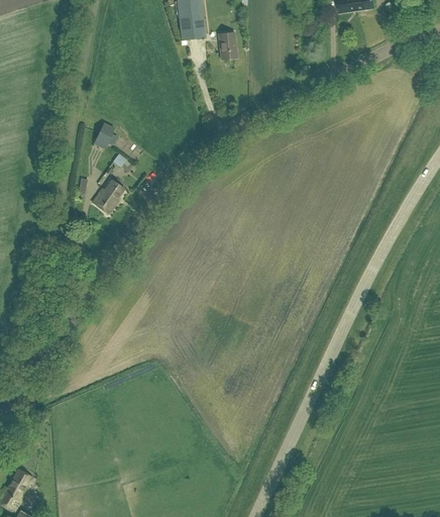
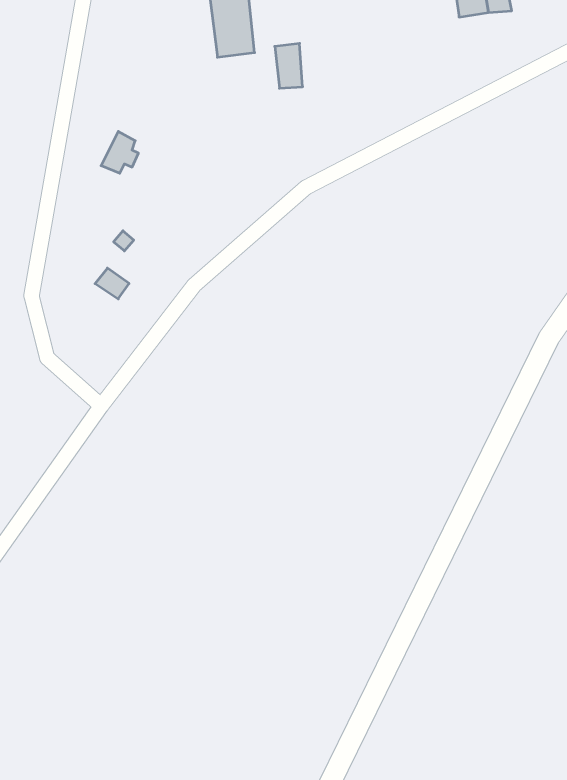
building: [93,120,117,147] -> [101,131,138,173]
building: [93,187,119,213] -> none

